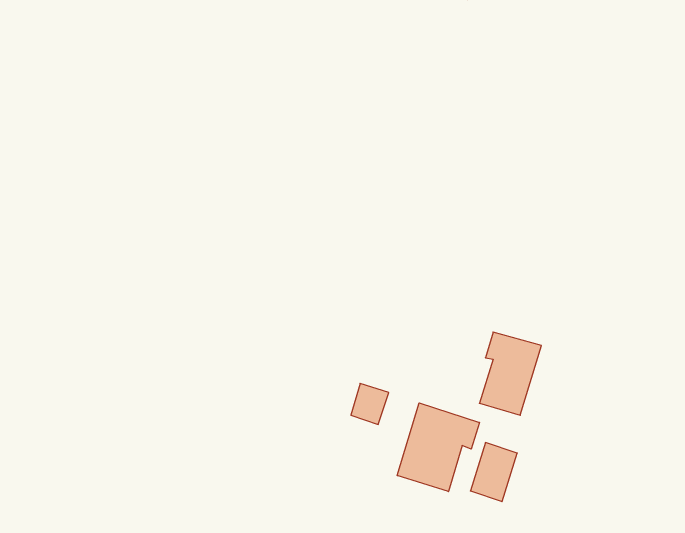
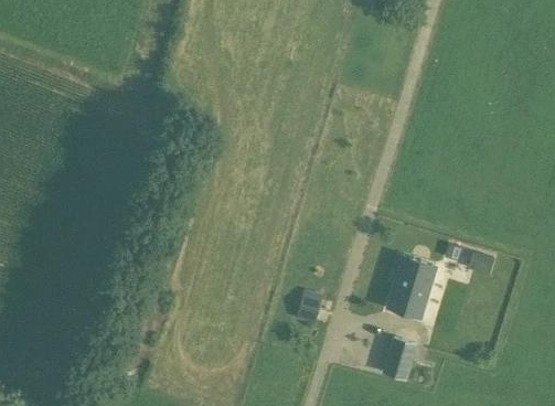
building: [397,403,479,492] -> none

